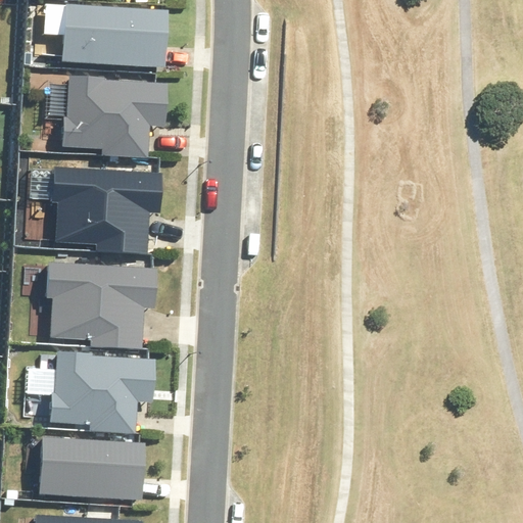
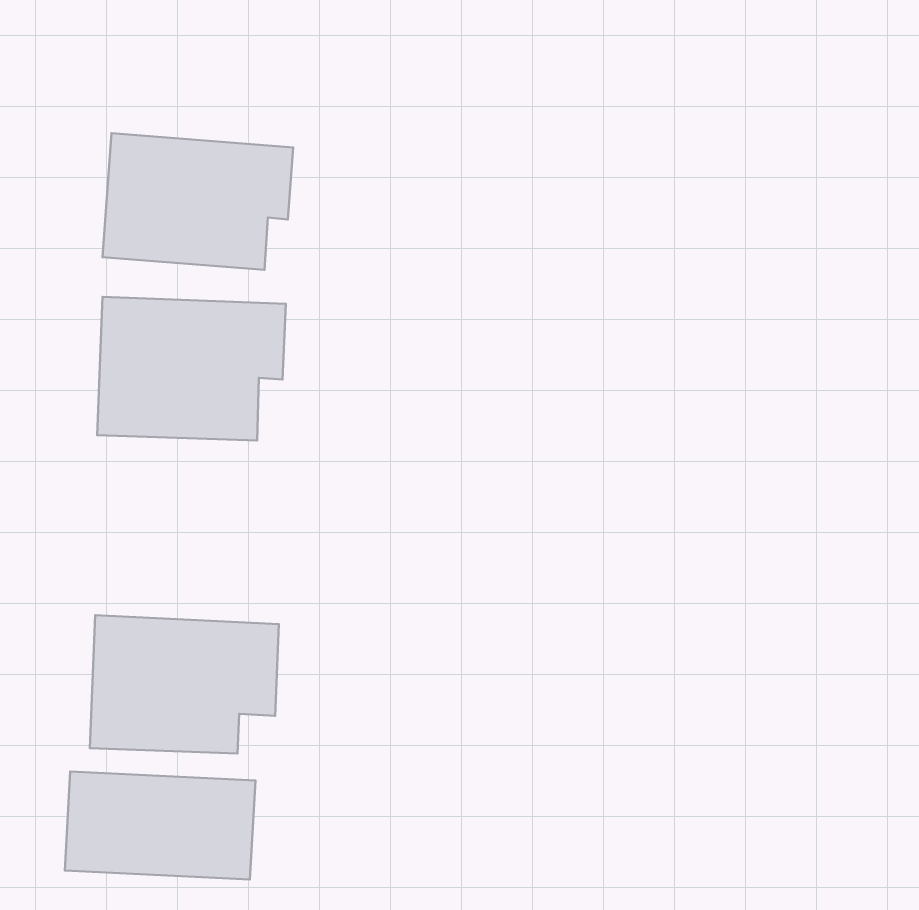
building: [62,4,171,67] -> none
building: [48,266,154,341] -> none

